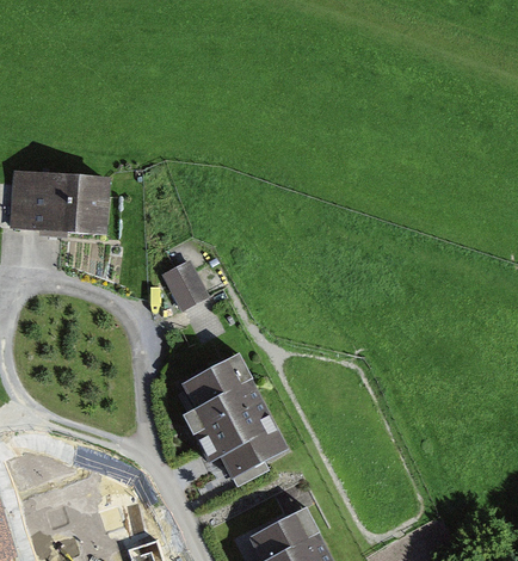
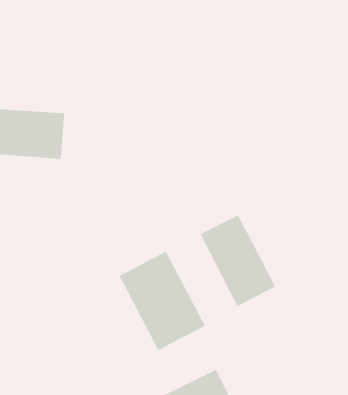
building: [161,257,206,307] -> none
building: none -> [200,214,276,307]

